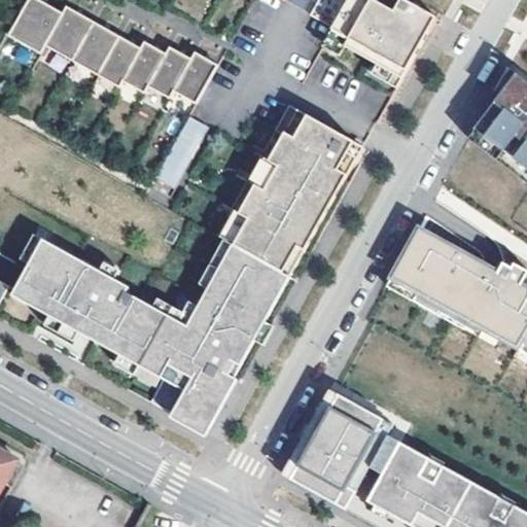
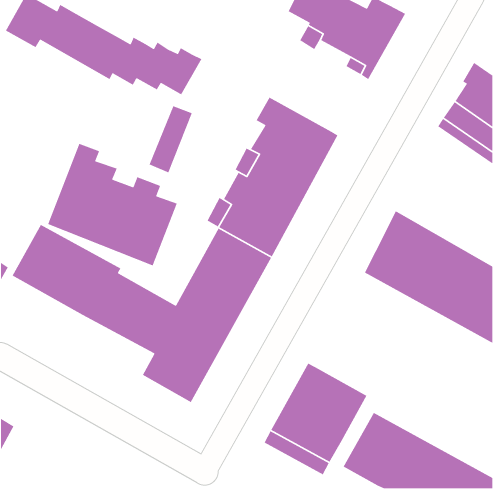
building: none -> [47,143,178,266]

